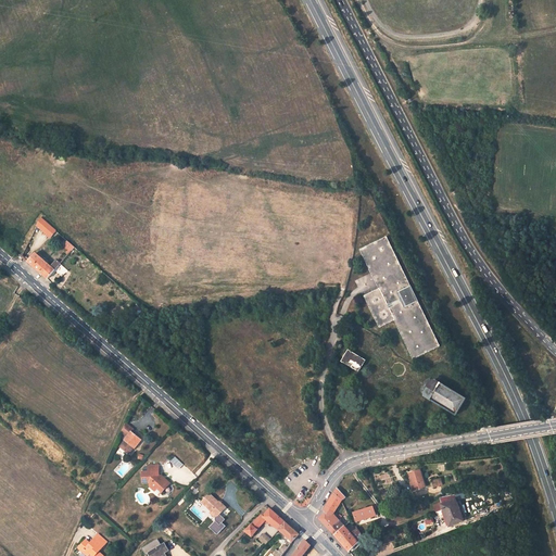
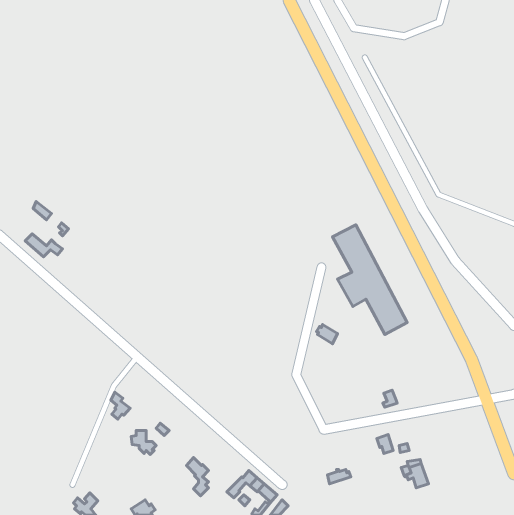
building: [424,379,465,414] -> none
building: [318,486,357,551] -> none

